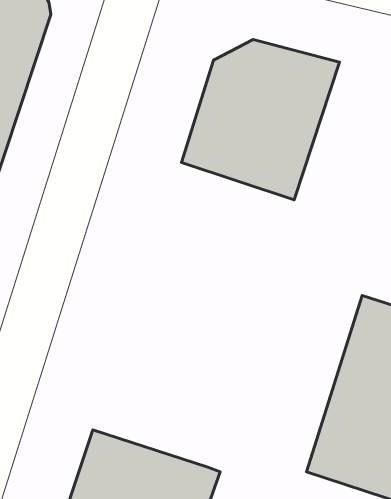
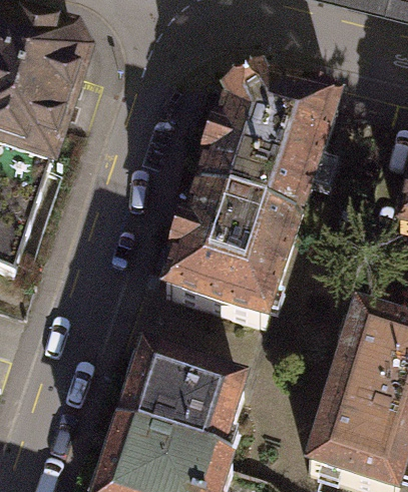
building: none -> [164,187,296,318]
building: none -> [118,350,244,456]

